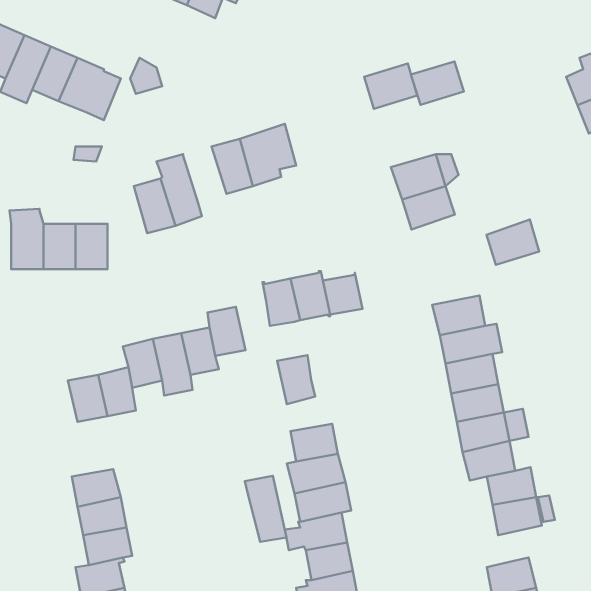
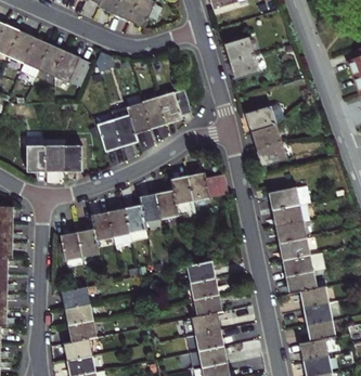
building: [411,61,464,105] -> [223,36,254,61]
building: none -> [125,101,150,133]
building: [486,220,539,265] -> [256,140,286,166]
building: [277,355,315,404] -> [155,190,177,218]
building: [245,476,286,542] -> none
building: none -> [306,319,334,340]

